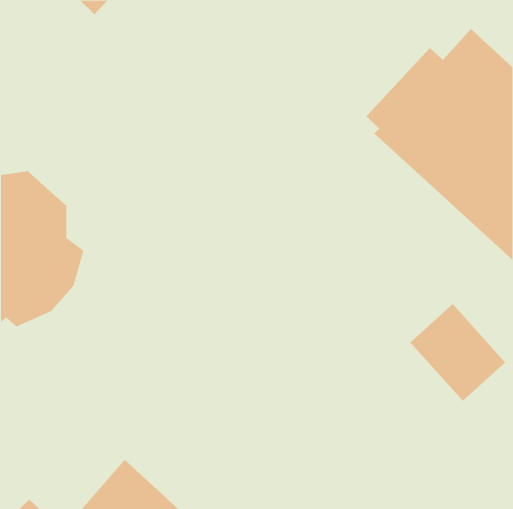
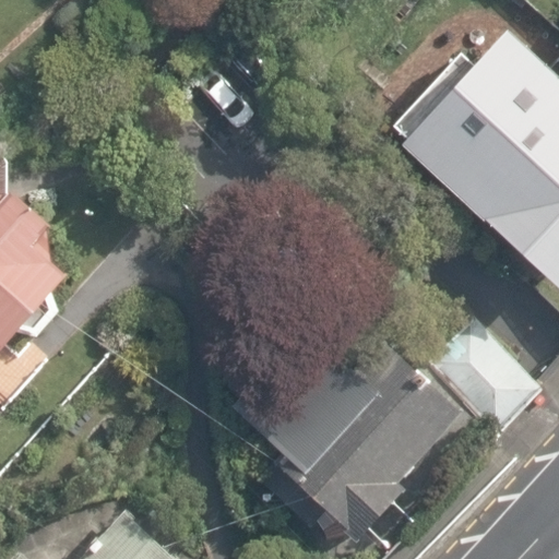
building: none -> [234,334,460,545]

